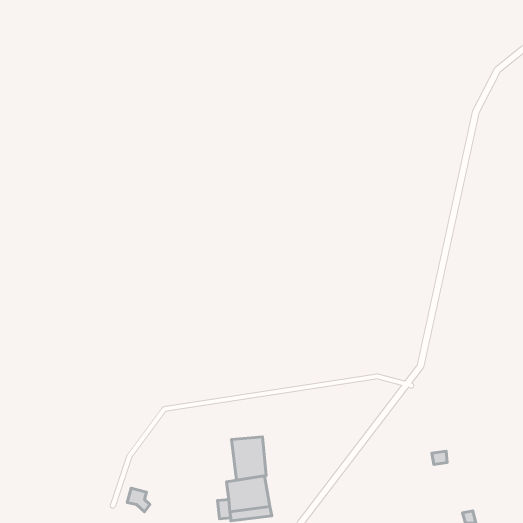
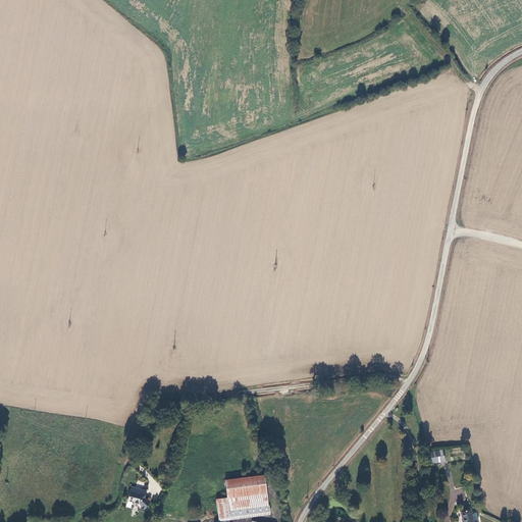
building: [231,437,266,480] -> none

